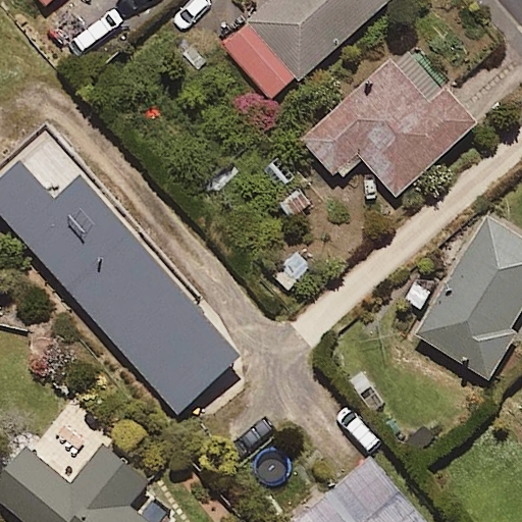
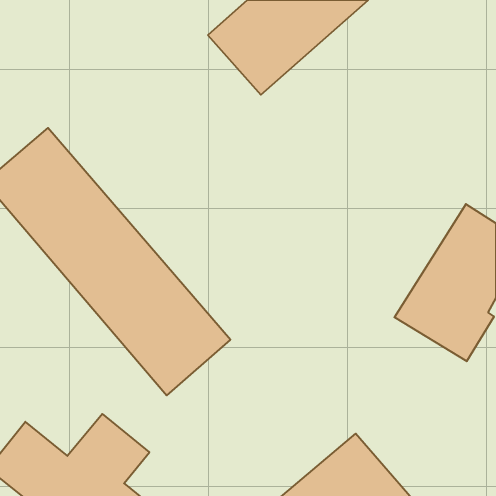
building: [301,45,475,197] -> none

